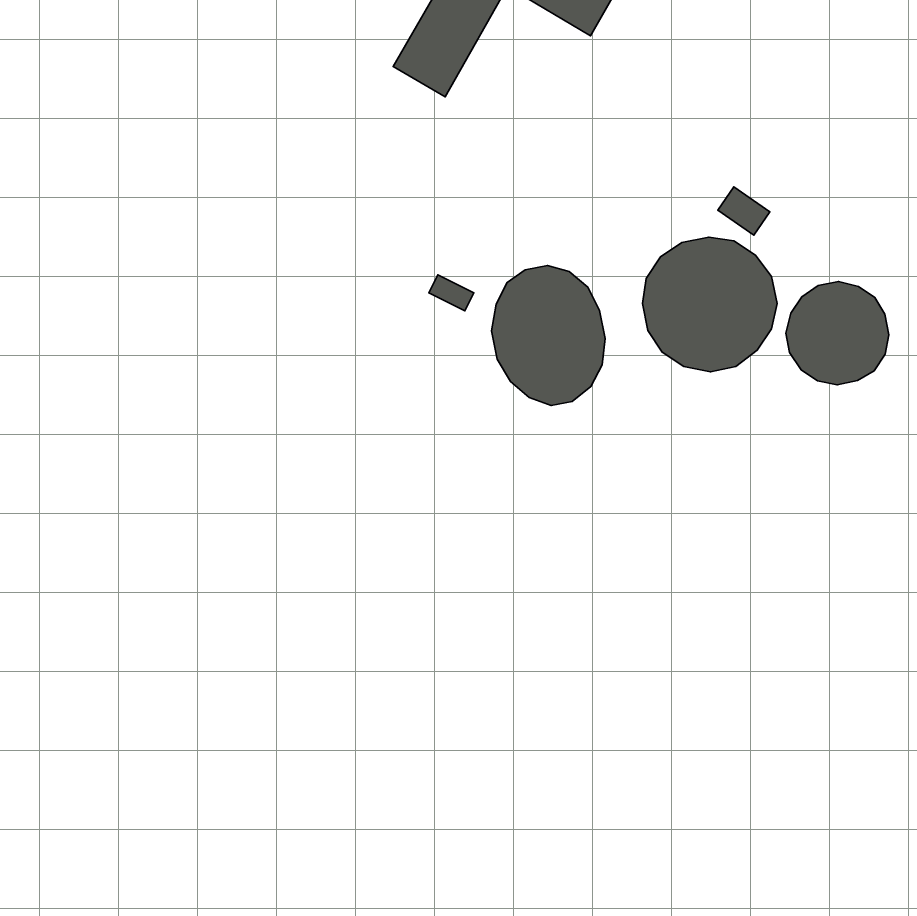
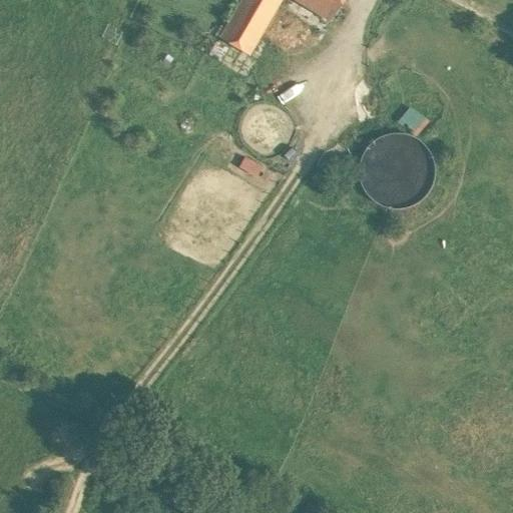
building: [492,265,605,405] -> none
building: [786,281,889,385] -> none

